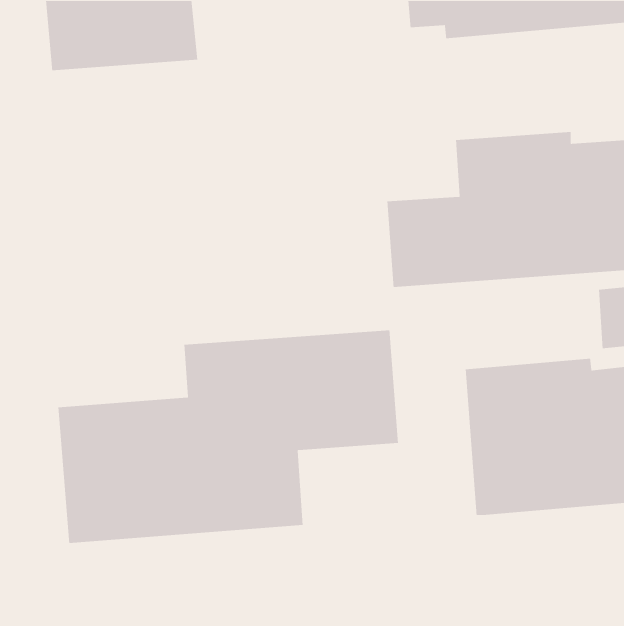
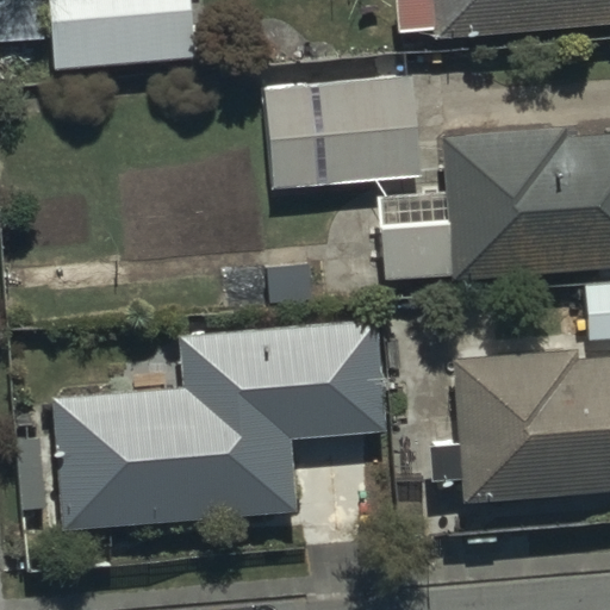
building: none -> [264,73,417,183]

